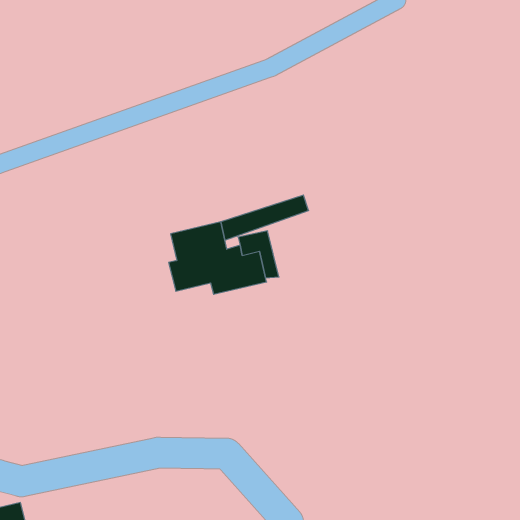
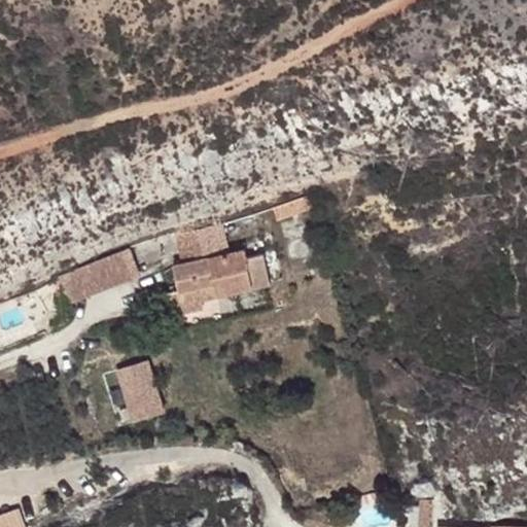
building: none -> [57,251,135,303]
building: none -> [120,367,160,425]

